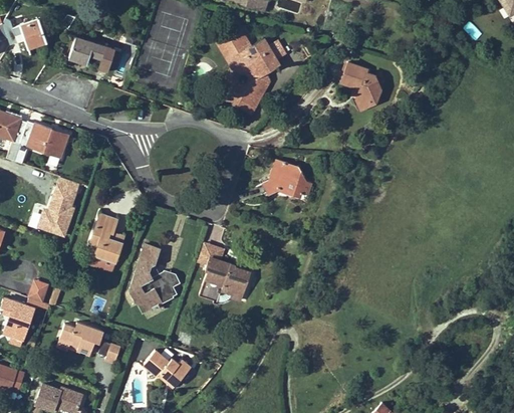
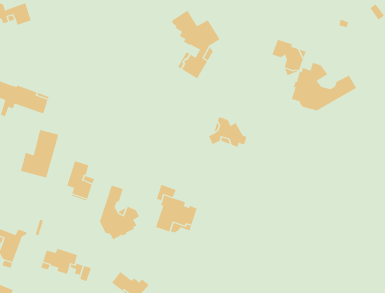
building: [69,37,115,71] -> none
building: none -> [291,62,357,111]
building: [26,277,51,302] -> none

